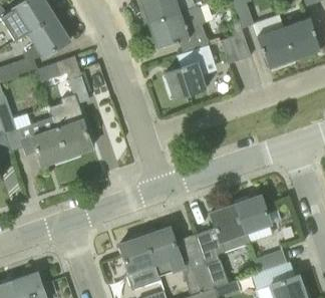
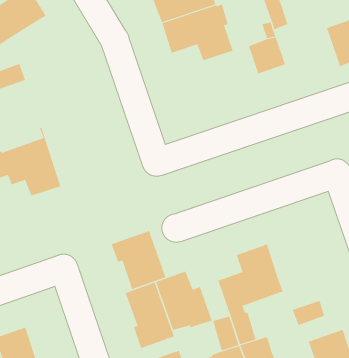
building: [29,16,70,56] -> none
building: [258,26,296,67] -> none
building: [166,45,217,99] -> none
building: [51,55,93,157] -> none
building: none -> [111,230,166,290]
building: [237,195,271,232] -> none

